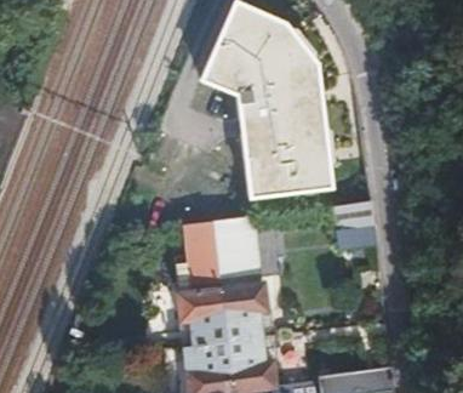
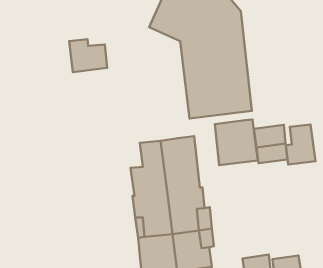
building: none -> [69,39,107,72]
building: none -> [215,120,258,165]
building: none -> [286,125,315,164]

